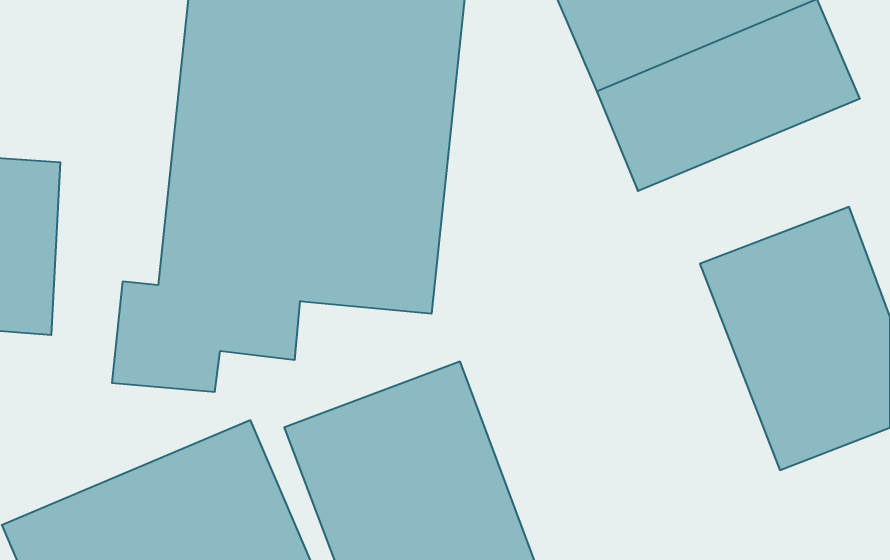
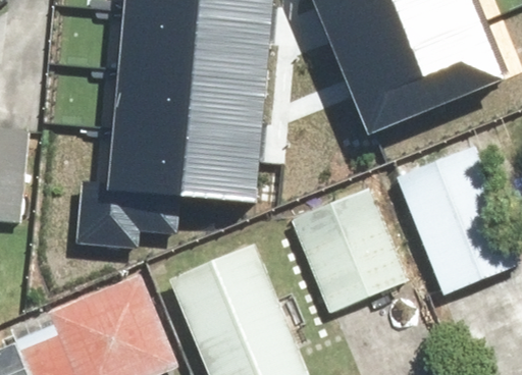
building: none -> [290,179,421,320]

